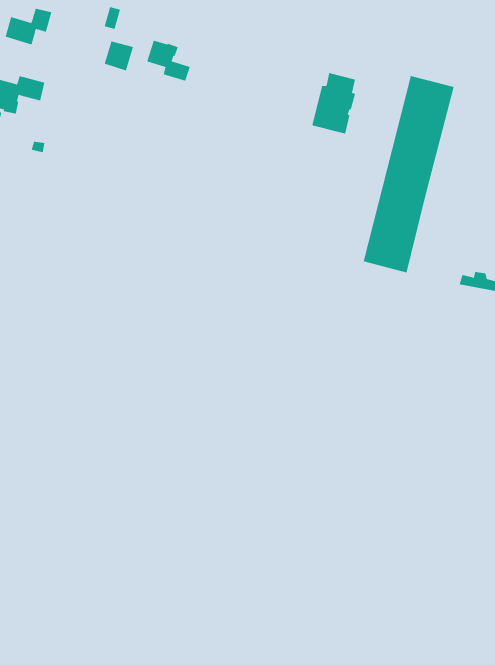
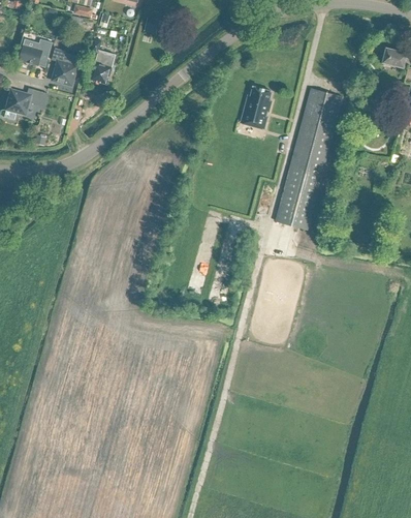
building: none -> [51,47,76,86]
building: [147,40,191,81] -> none

